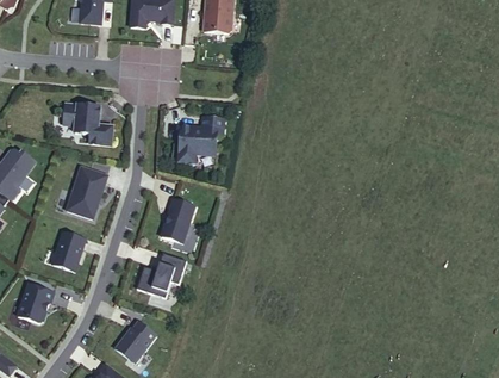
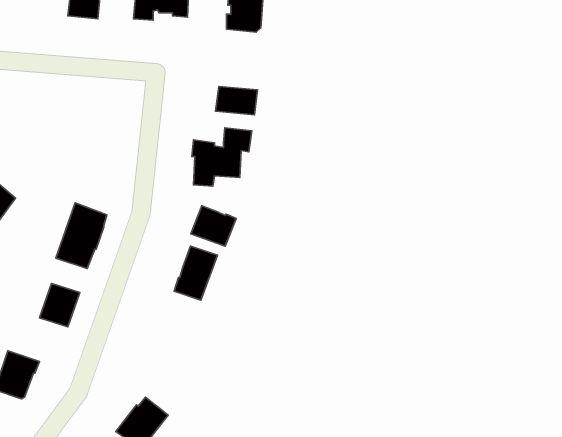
building: none -> [216,86,258,115]
building: [61,107,110,149] -> none
building: none -> [191,206,236,246]
building: [136,255,186,299] -> none

